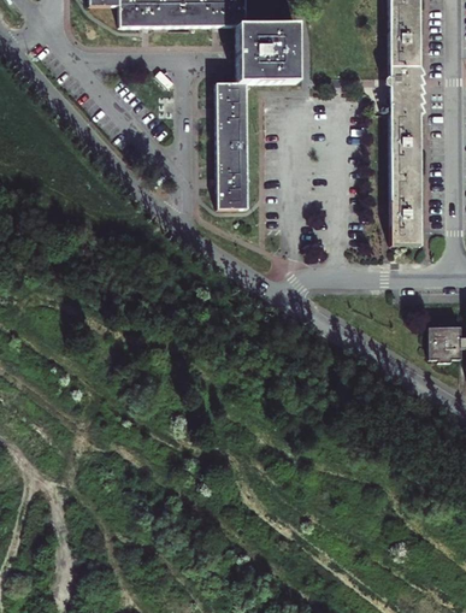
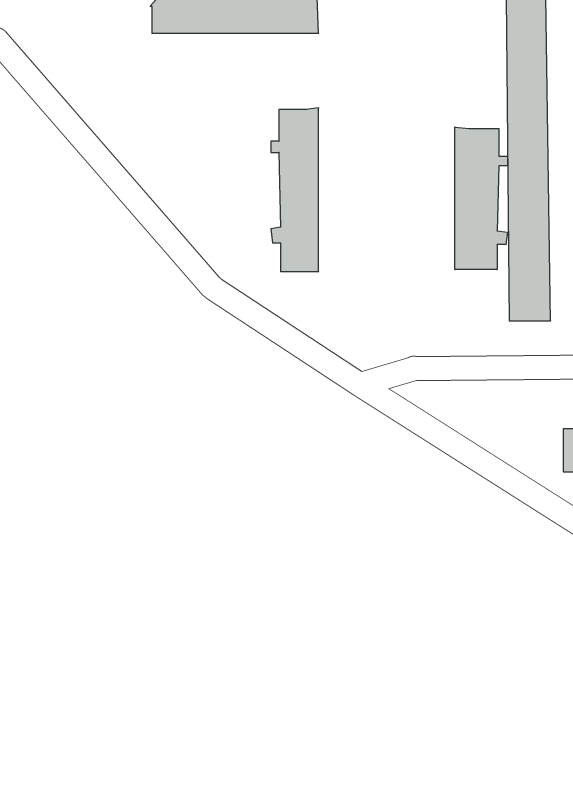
building: [232,25,296,83] -> none
building: none -> [455,127,508,270]

